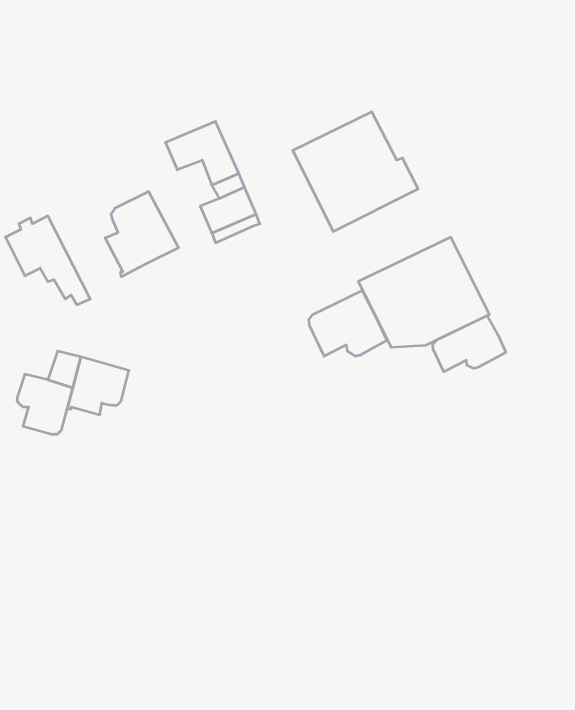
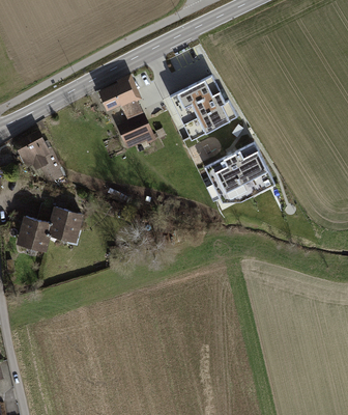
building: [105,191,179,277] -> none
building: [309,291,387,356] -> none
building: [433,315,506,372] -> none

